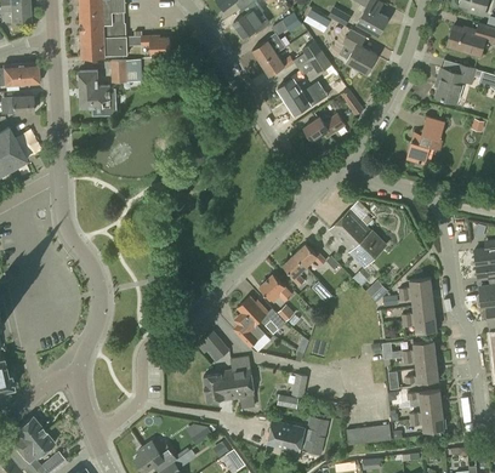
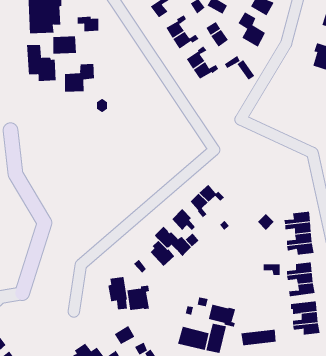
building: none -> [65,63,94,93]
building: [303,114,346,141] -> none
building: [406,116,445,165] -> none
building: [329,201,387,268] -> none
building: [229,367,255,409] -> [107,277,128,310]
building: none -> [208,304,236,327]

